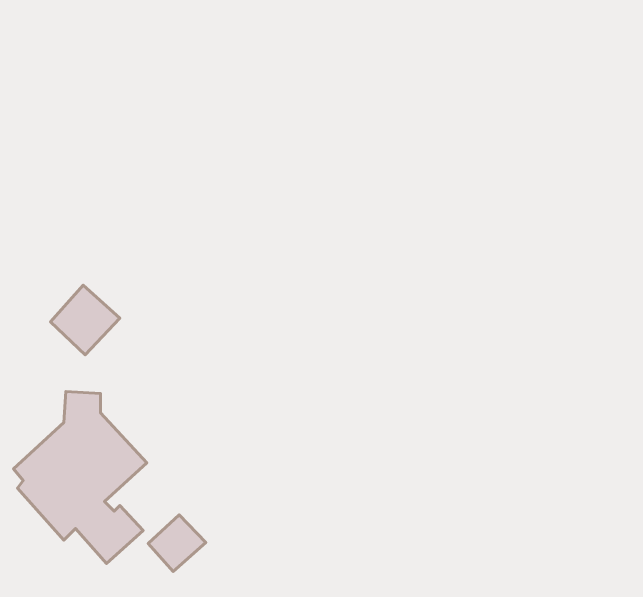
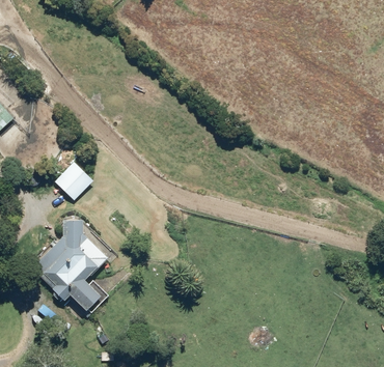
building: [148,515,206,572] -> none

